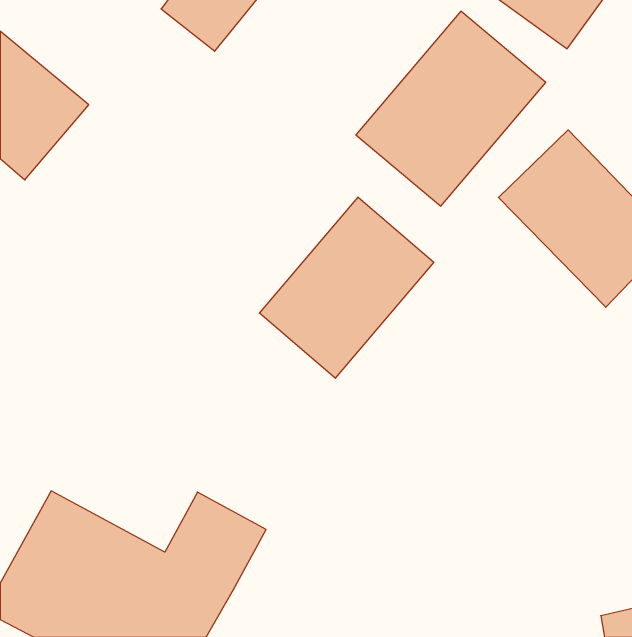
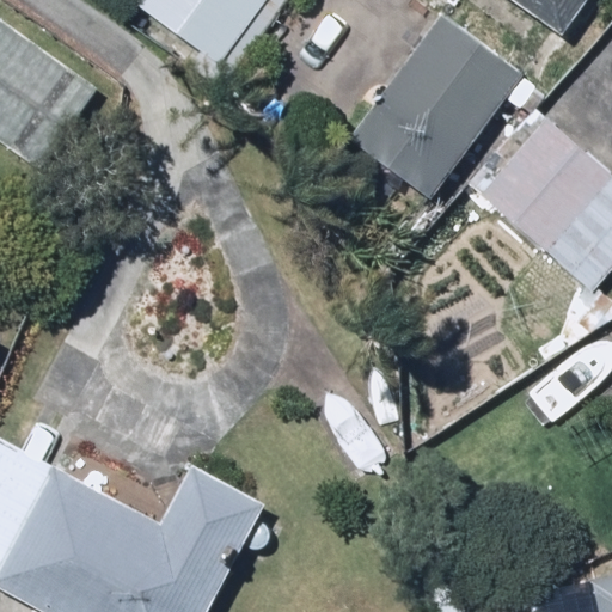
building: [259,197,434,378] -> none

